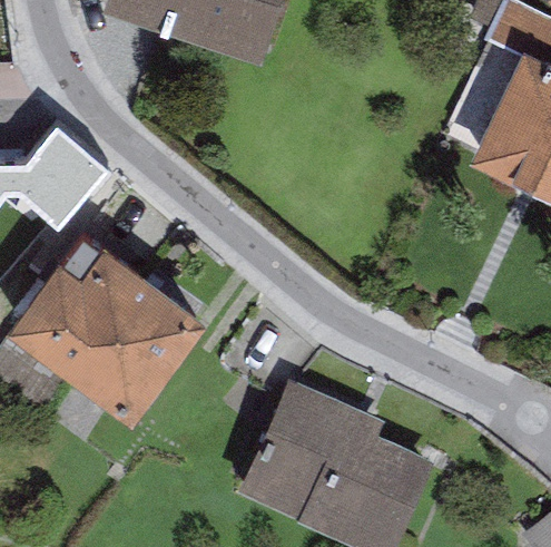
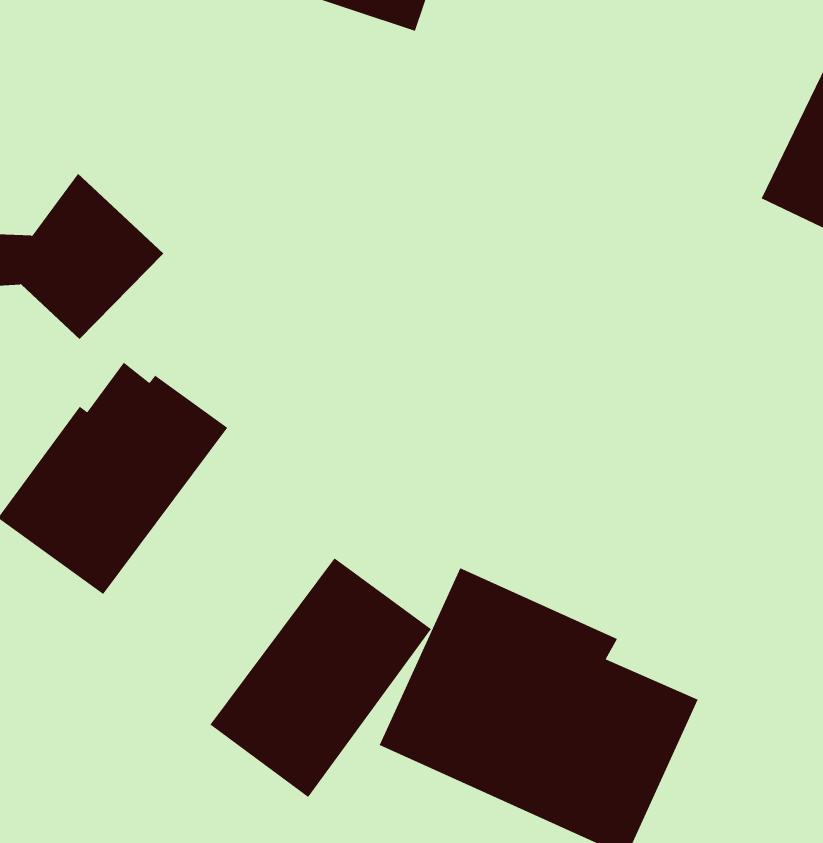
building: [70,289,205,434] -> [209,558,432,798]

